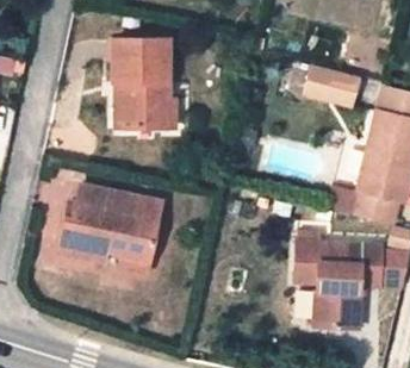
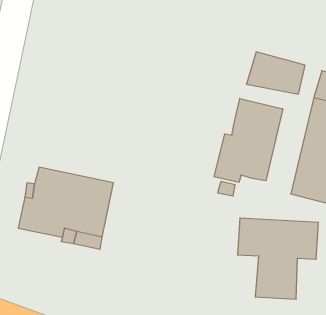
building: [112,38,172,126] -> none
building: none -> [214,98,283,182]

